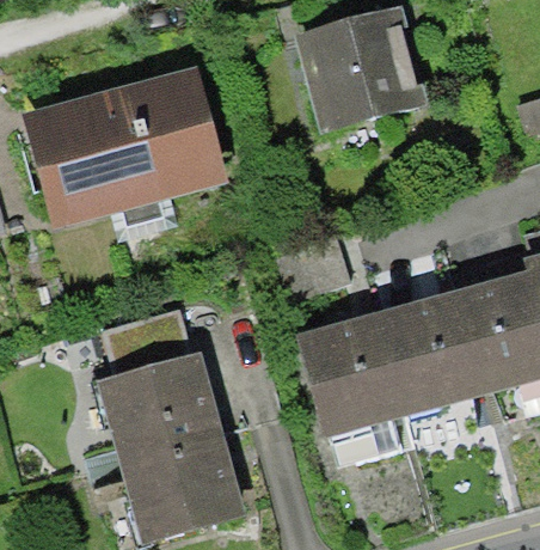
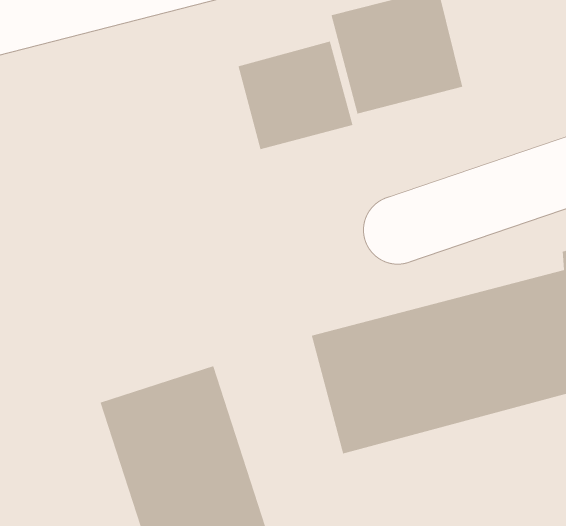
building: none -> [237,40,354,150]
building: [36,74,233,226] -> none

